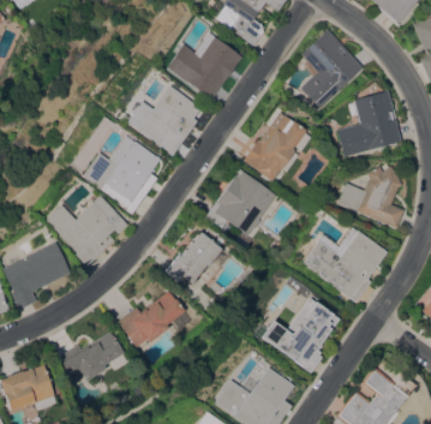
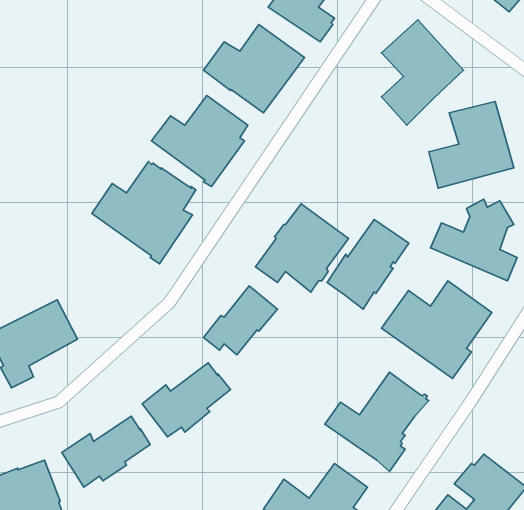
building: [245,112,307,180] -> [327,219,409,309]
building: [46,195,128,265] -> none

